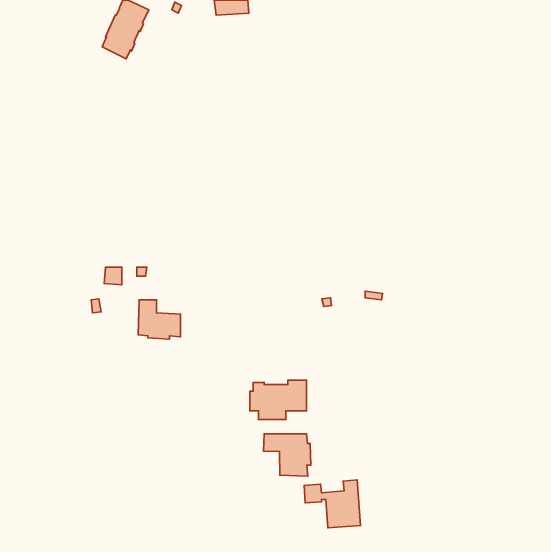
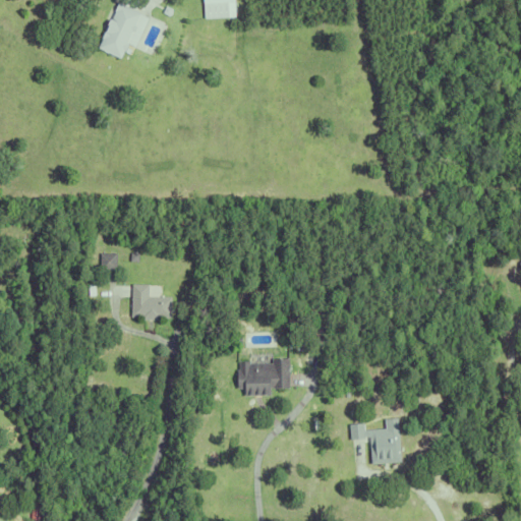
building: [264,434,311,476] -> none
building: [304,480,361,528] -> [350,418,403,463]

